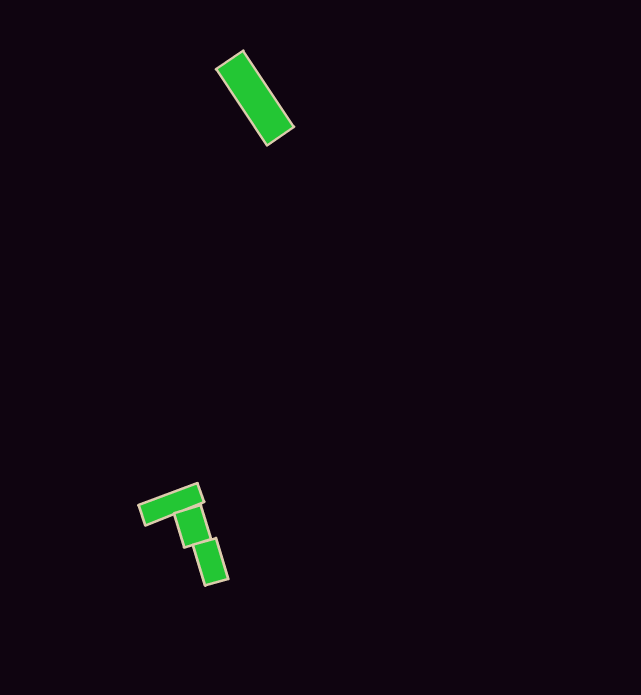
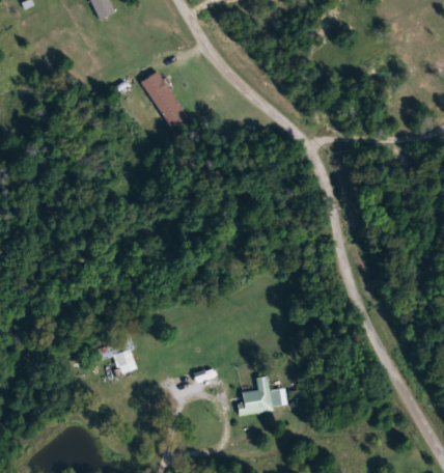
building: [193,538,228,586] -> none
building: none -> [237,377,283,416]

